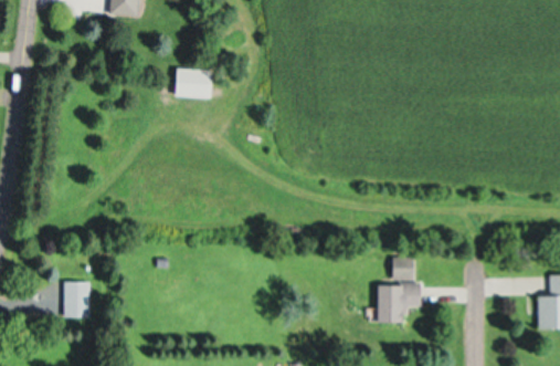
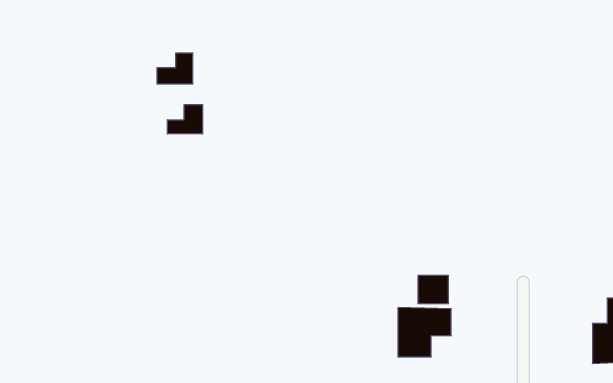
building: none -> [167,105,203,134]
building: [64,283,93,320] -> none

